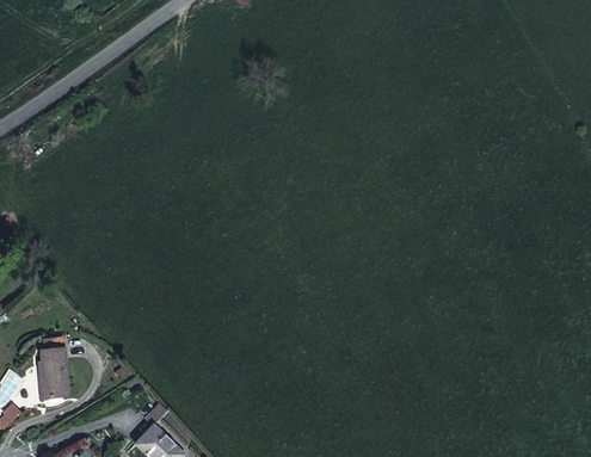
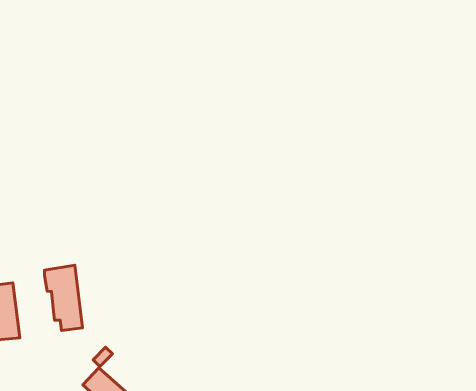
building: none -> [45,265,83,331]

